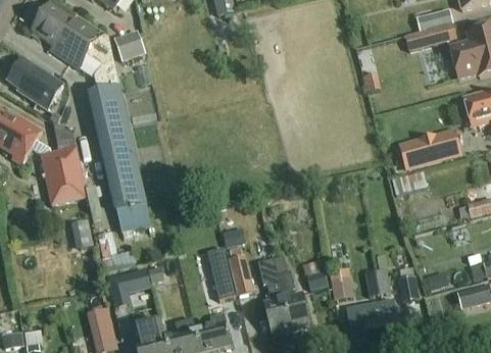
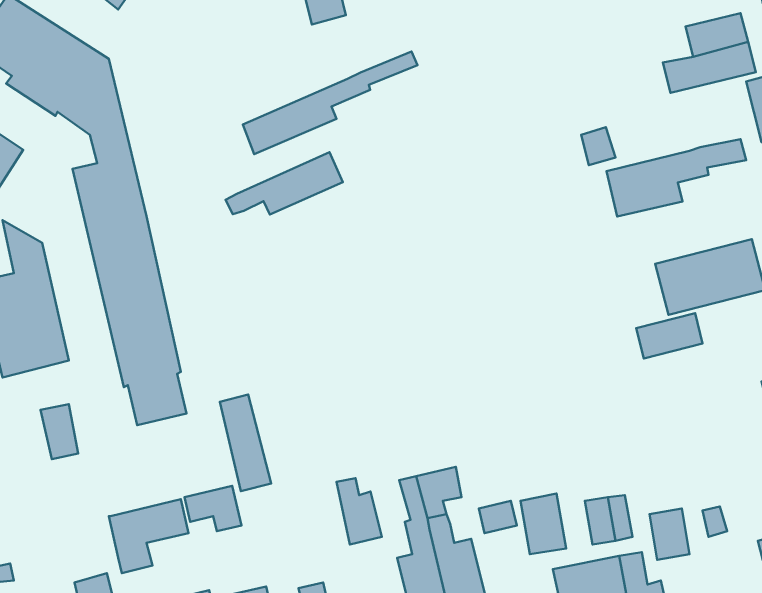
building: none -> [243,52,418,154]
building: [113,30,145,60] -> none
building: none -> [607,139,746,216]
building: none -> [225,152,343,214]
building: [207,248,235,300] -> [220,394,271,491]

